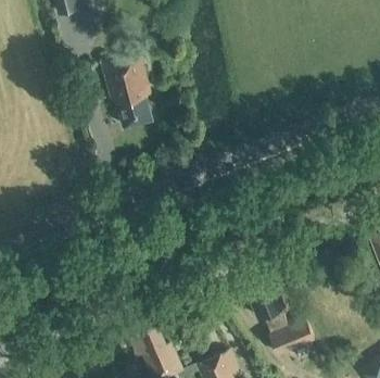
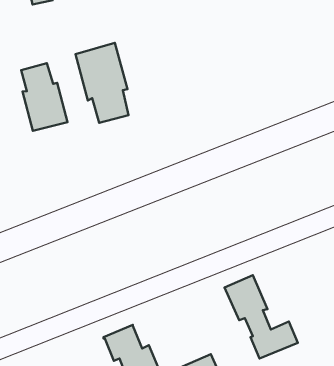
building: none -> [21,63,68,131]

